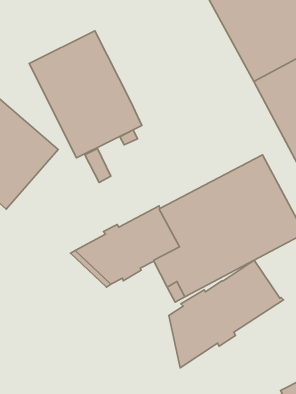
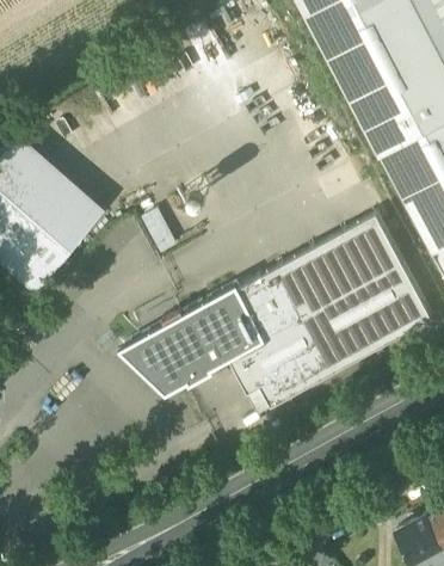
building: [29,31,142,158] -> none
building: [169,260,283,368] -> none

